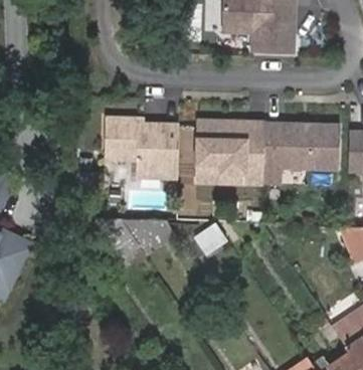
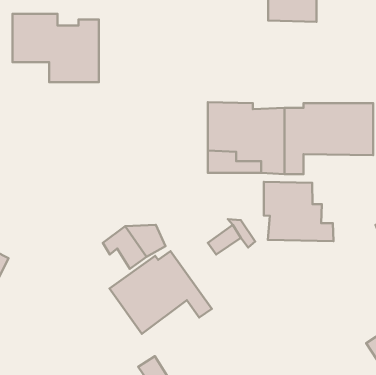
building: [106,120,179,178] -> [13,14,99,82]
building: none -> [264,182,333,241]
building: none -> [110,251,212,334]

